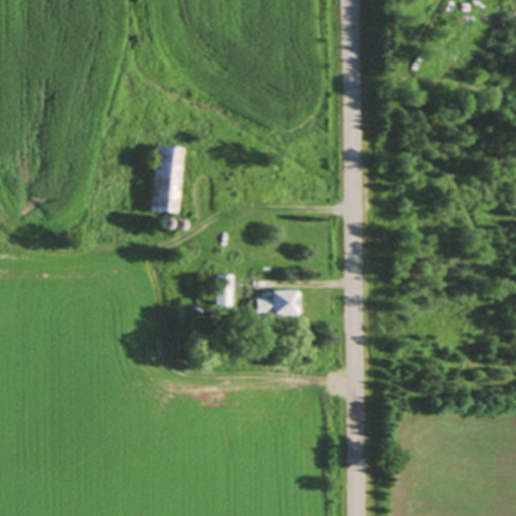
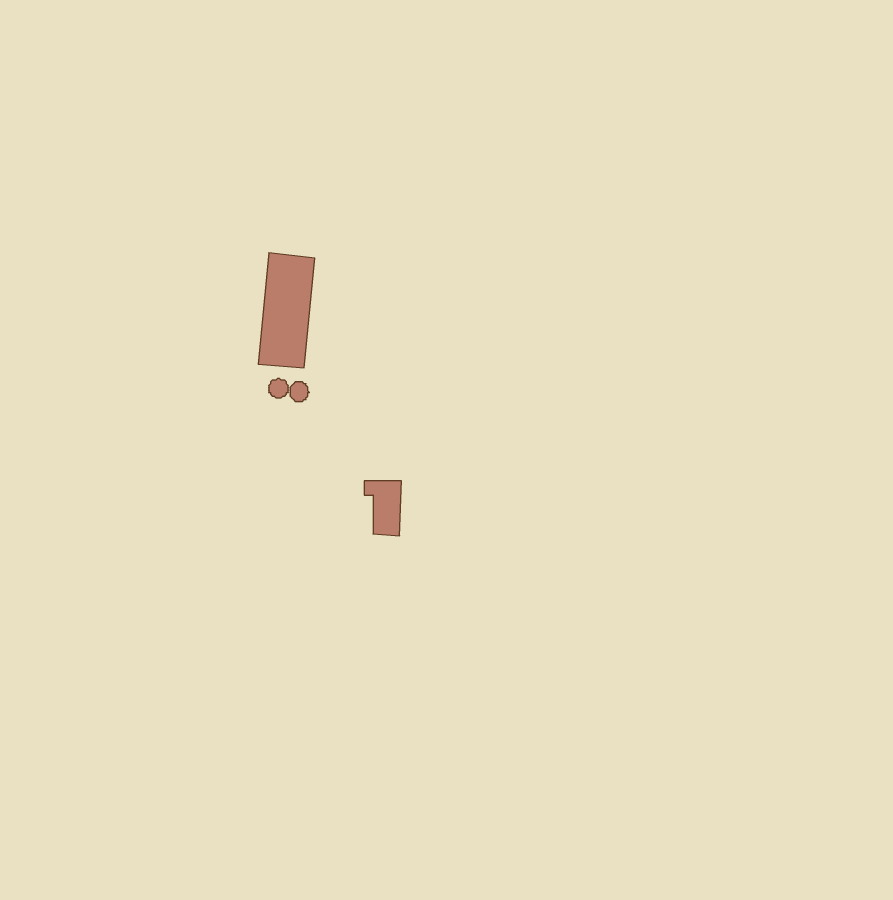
building: [254,292,302,315] -> none

